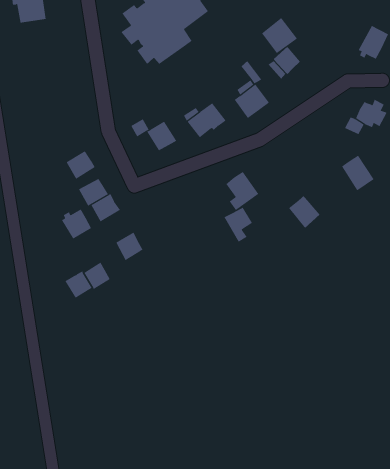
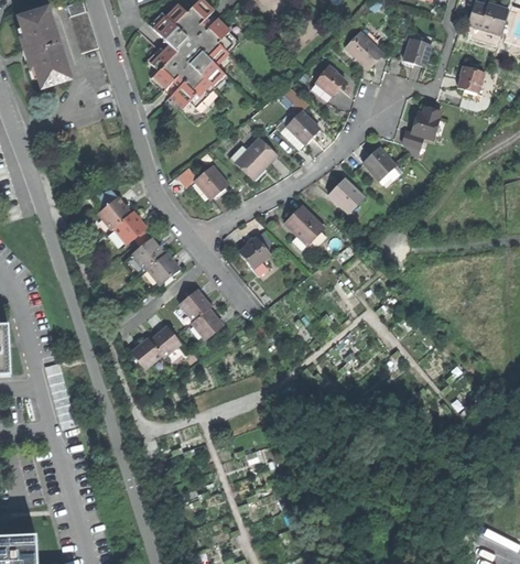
building: [261,17,298,54] -> [346,28,386,67]
building: none -> [91,188,131,229]
building: [341,155,374,191] -> [362,145,400,184]
building: [288,195,321,229] -> [327,178,362,214]
building: [224,207,253,243] -> [239,237,271,275]
building: [61,209,92,239] -> none
building: none -> [192,307,224,339]

